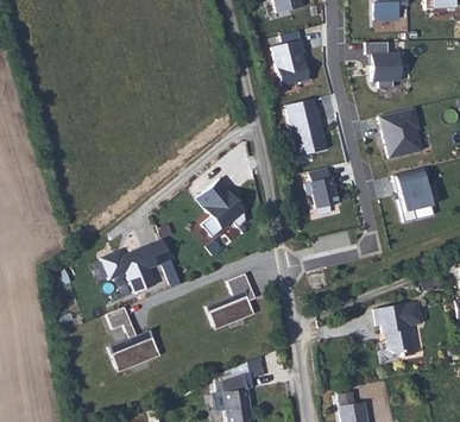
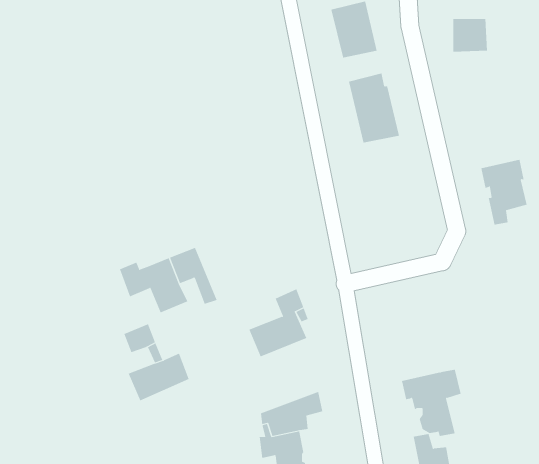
building: [379,108,423,158] -> none
building: [305,168,340,208] -> none
building: [197,178,246,238] -> none
building: [372,298,421,353] -> [401,369,461,436]

